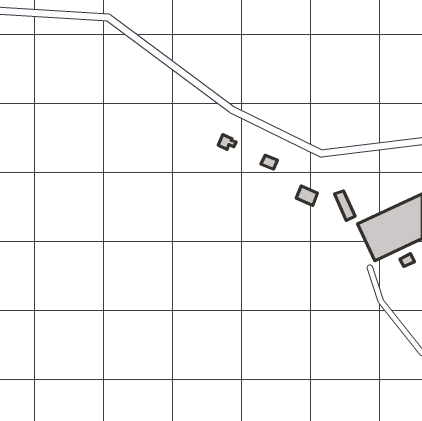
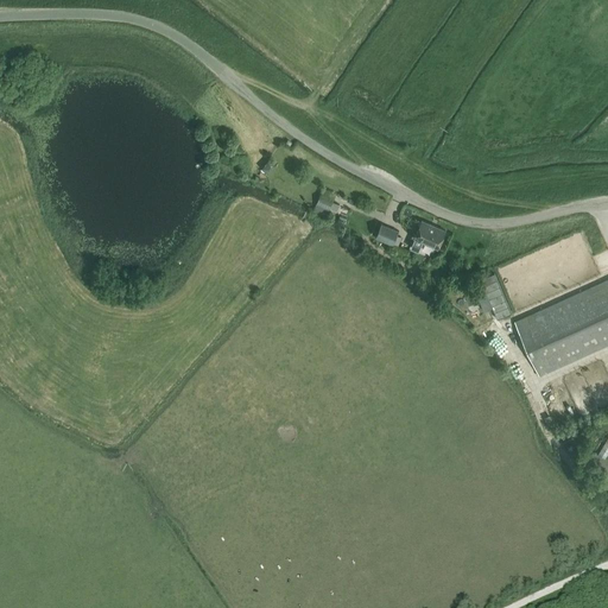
building: [296,186,318,206] -> [414,221,445,249]

